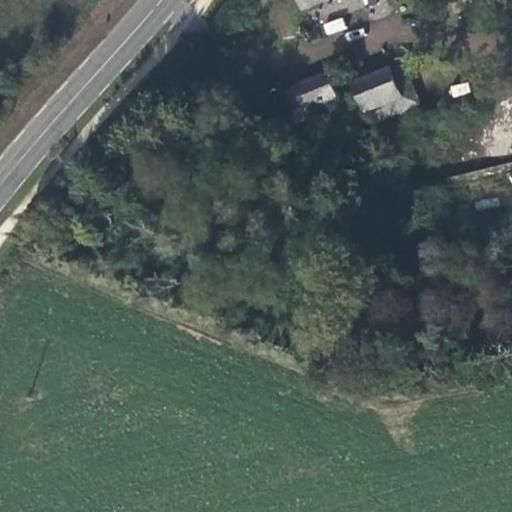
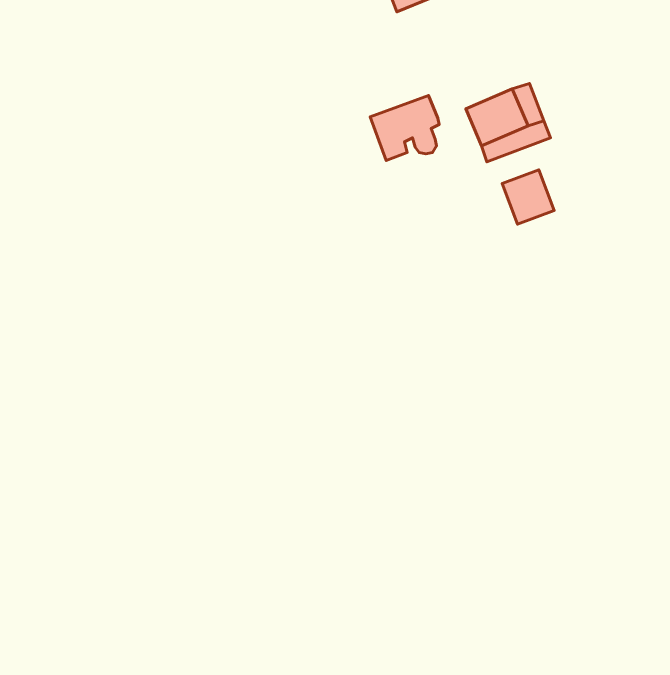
building: none -> [502,170,554,224]

